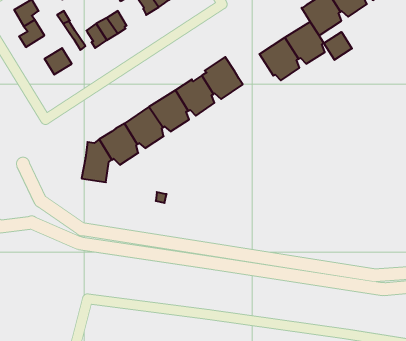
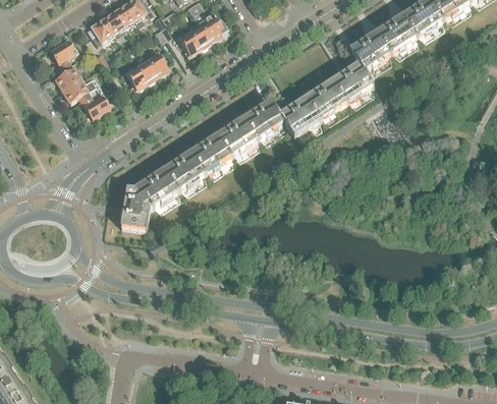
building: [324,32,352,60] -> none
building: none -> [61,75,100,101]
building: none -> [278,96,320,139]

